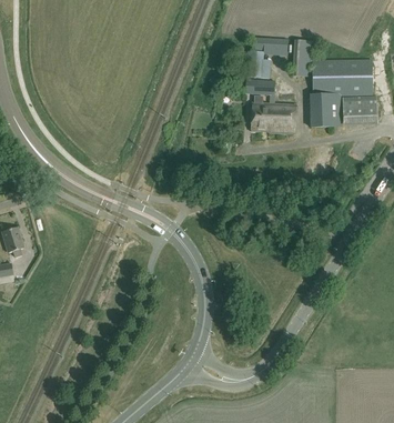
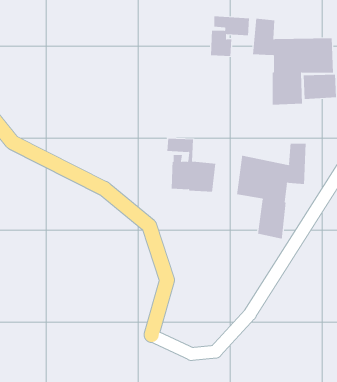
building: [247,80,297,134] -> [166,138,216,192]
building: none -> [237,143,306,240]

